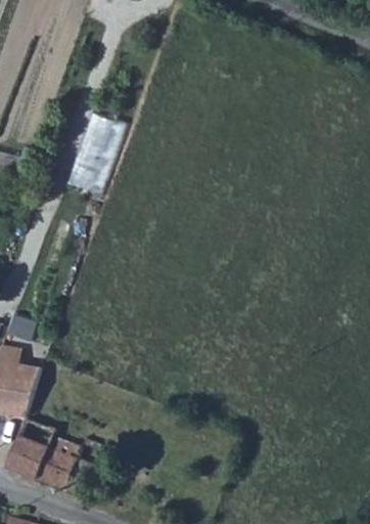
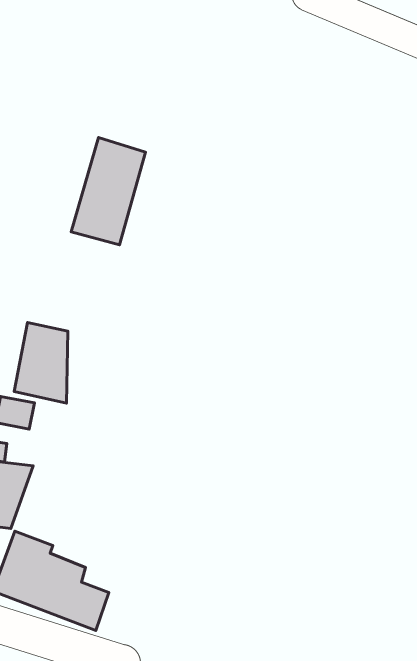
building: none -> [14,322,68,403]

